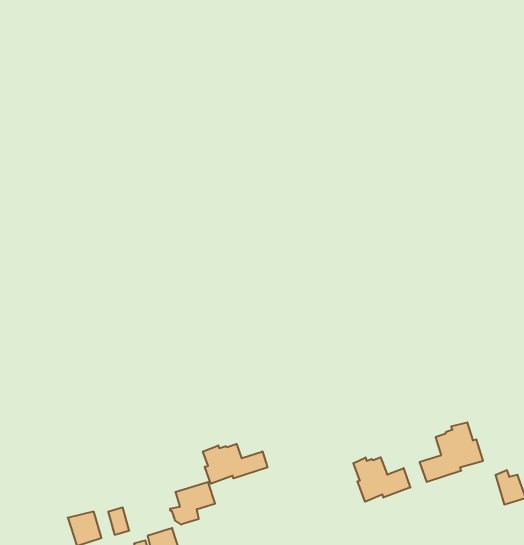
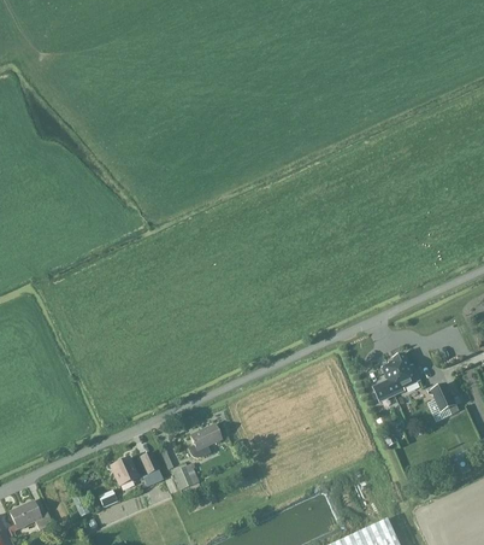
building: [203,444,267,484] -> none
building: [353,457,410,502] -> none

